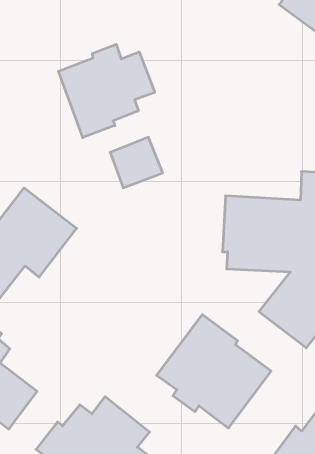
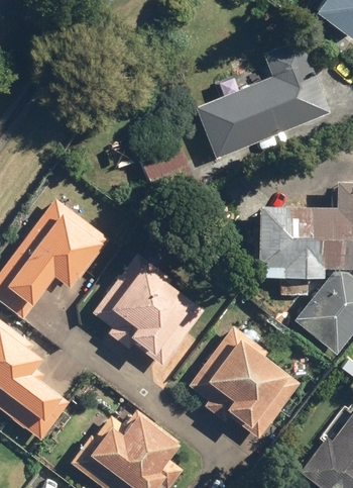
building: none -> [195,43,329,160]
building: [58,44,155,138] -> none
building: none -> [92,252,206,365]

